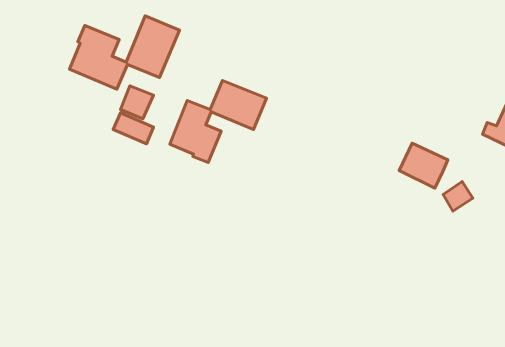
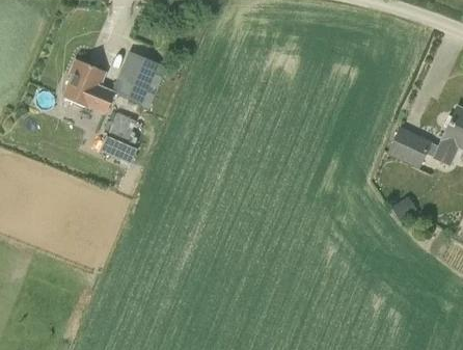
building: [170,80,266,162] -> none
building: [399,143,448,188] -> [390,130,433,169]

